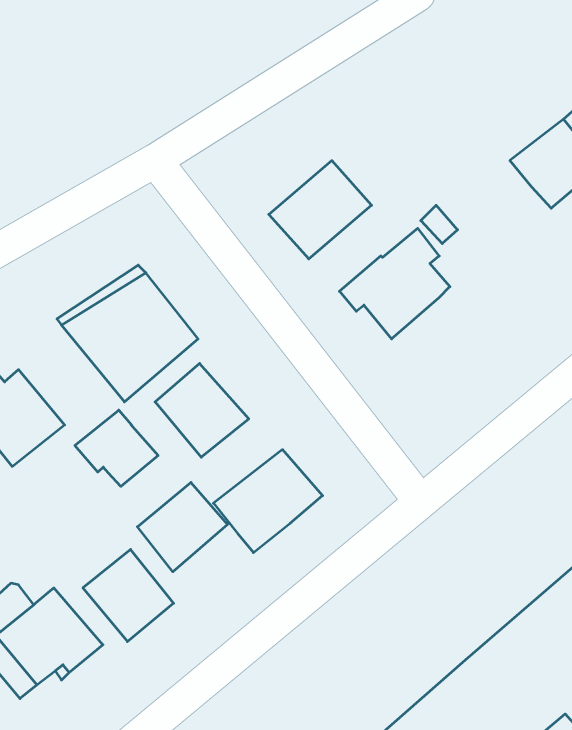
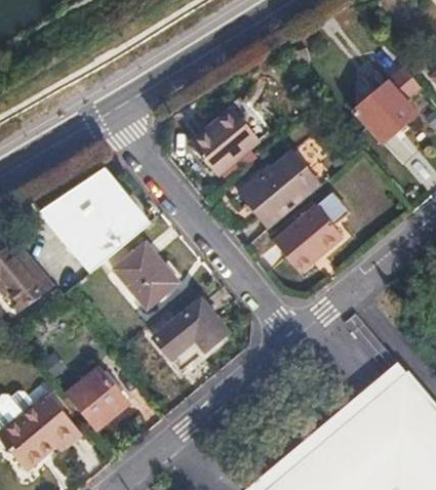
building: none -> [284,182,359,262]
building: [75,410,158,486] -> none
building: [137,482,228,572] -> none

